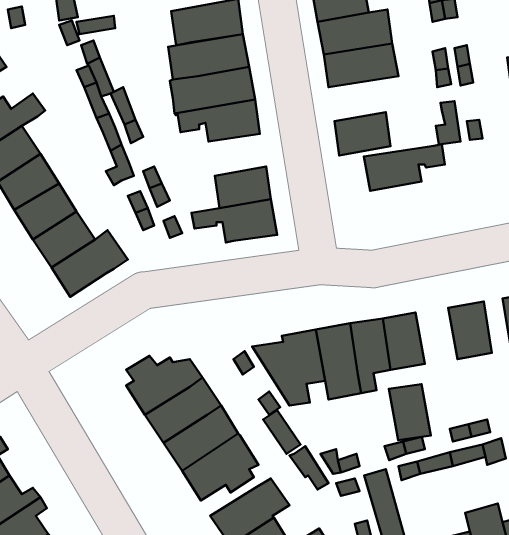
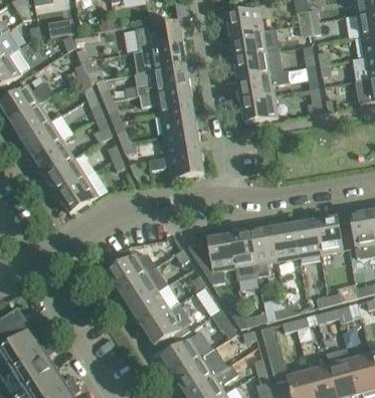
building: none -> [159,108,196,135]
building: [364,144,445,191] -> [236,69,289,99]
building: [389,384,431,440] -> [293,220,320,256]

